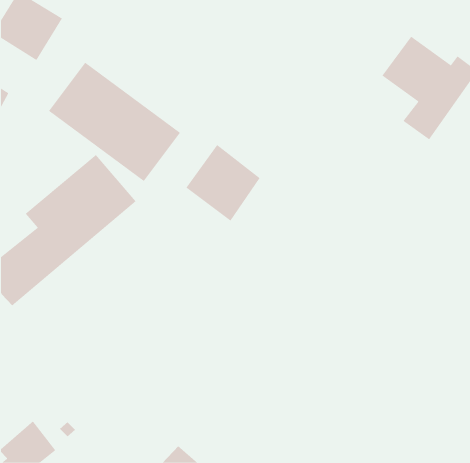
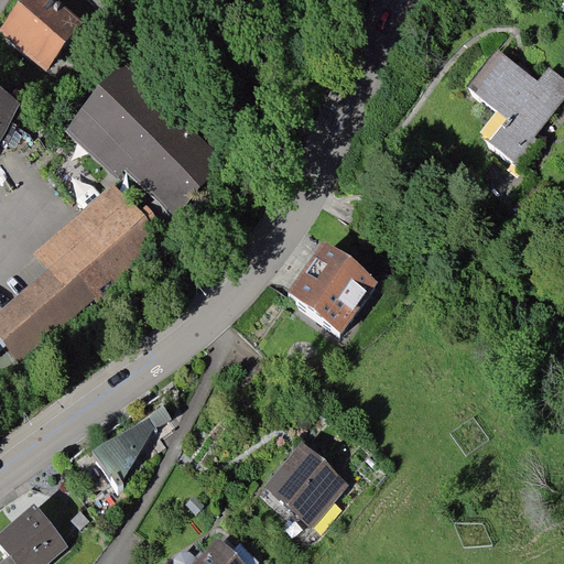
building: [186,144,260,222] -> [290,237,379,329]
building: none -> [97,397,175,486]
building: none -> [263,441,346,522]

